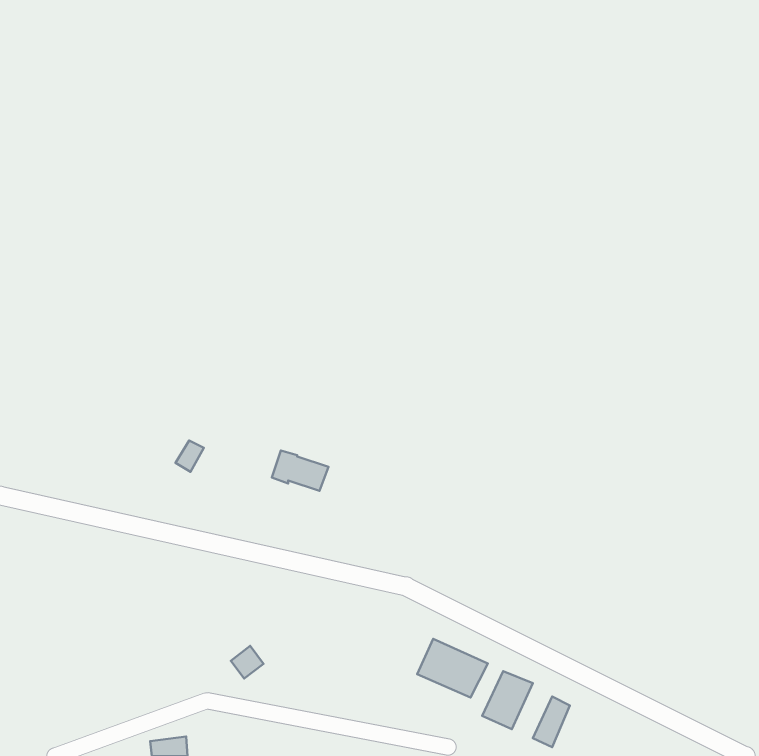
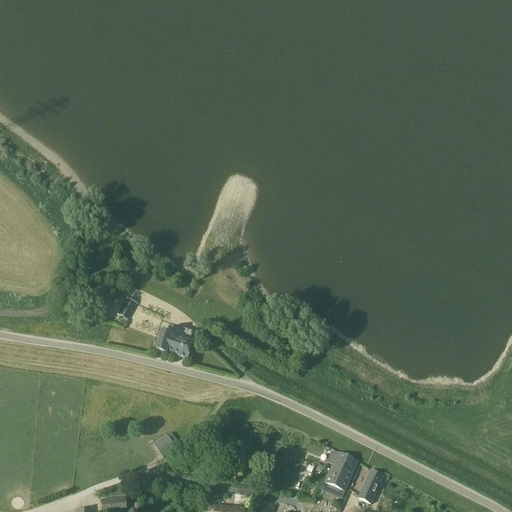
building: [272,451,328,491] -> [156,330,194,357]
building: [417,639,488,697] -> none

